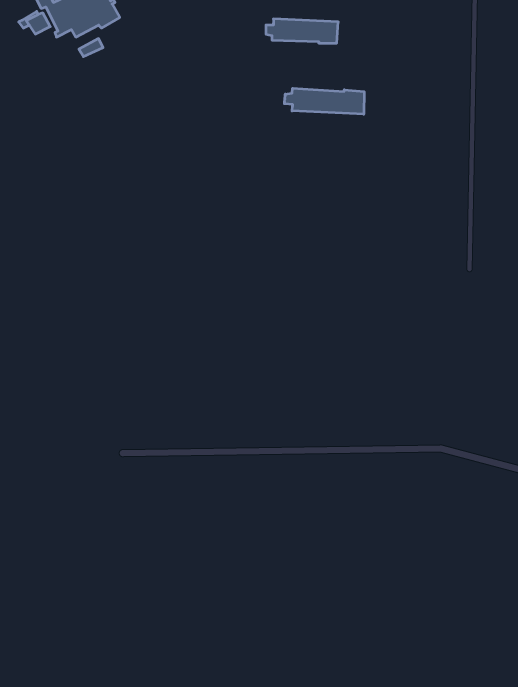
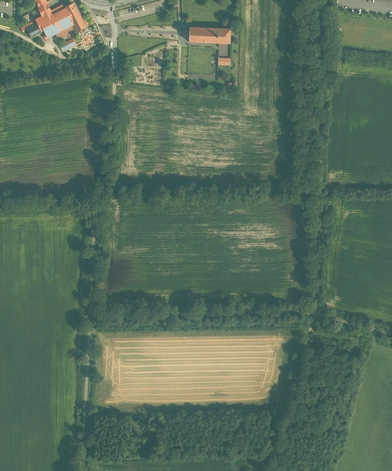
building: [284,88,364,114] -> none

